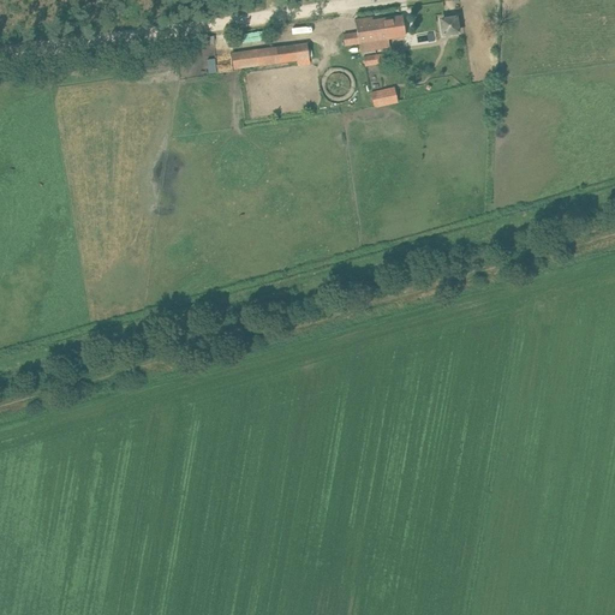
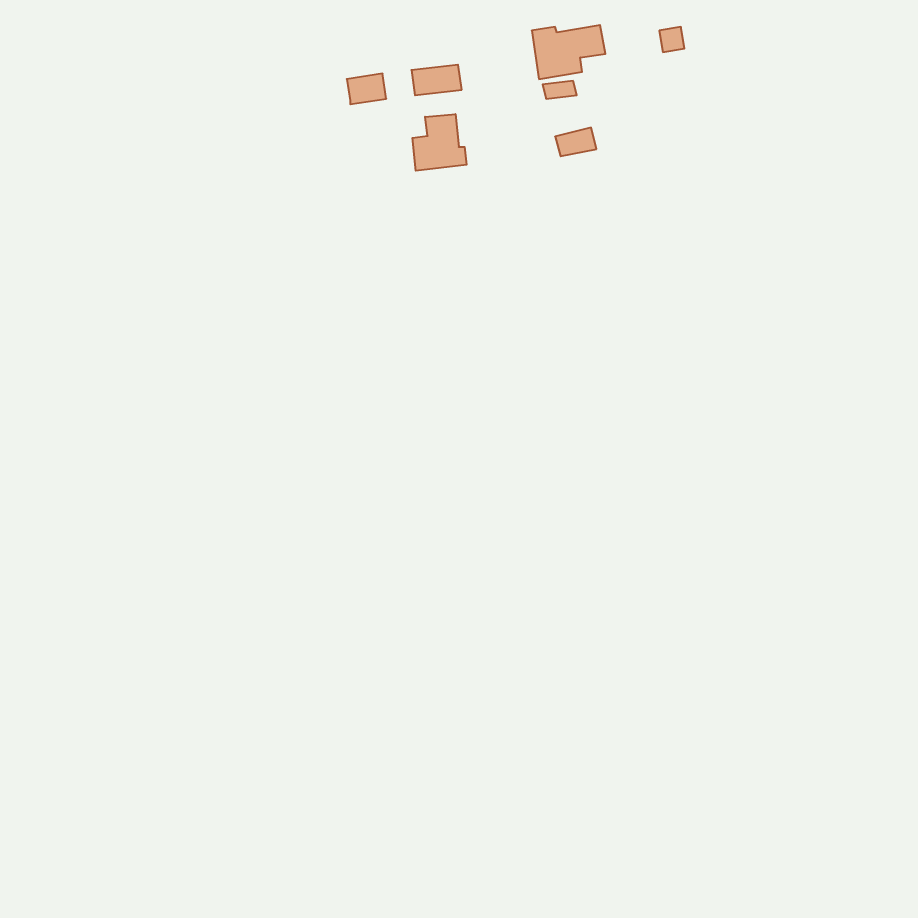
building: none -> [412,114,467,171]

